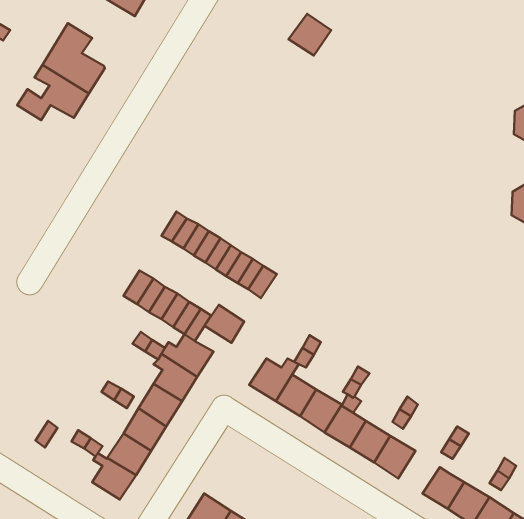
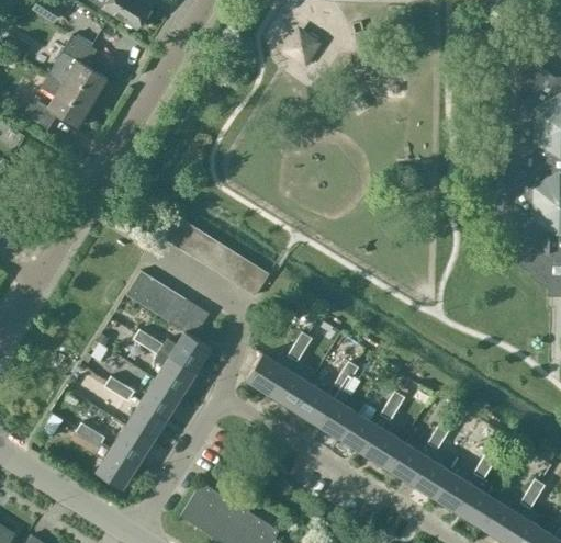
building: [205,305,244,343] -> none
building: none -> [388,442,427,483]

